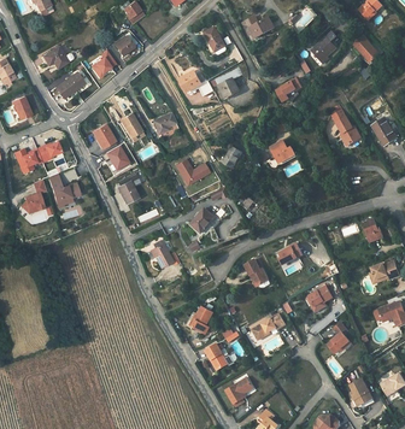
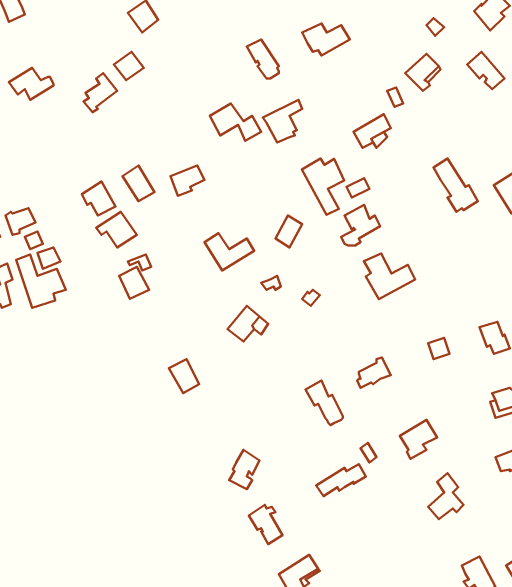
building: [54,72,90,102] -> none
building: none -> [302,159,344,215]
building: none -> [364,254,415,299]

